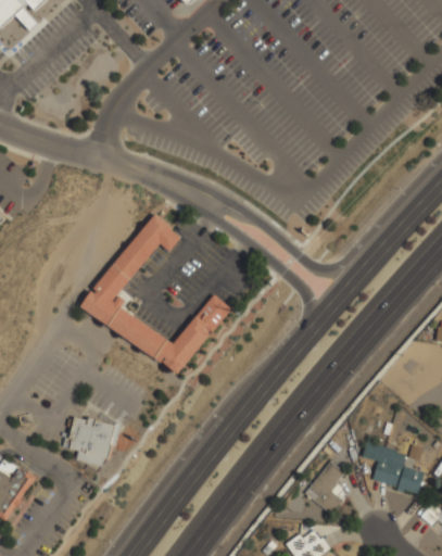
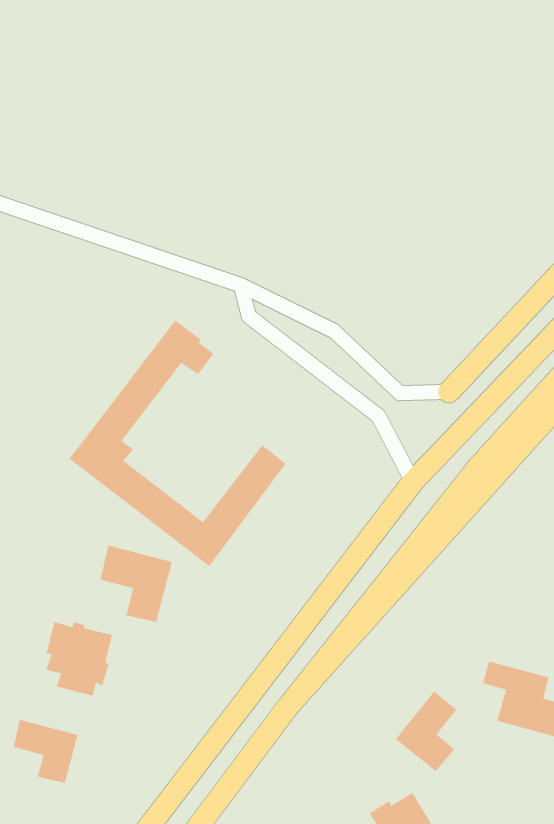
building: none -> [100,545,173,623]
building: none -> [13,719,78,784]

